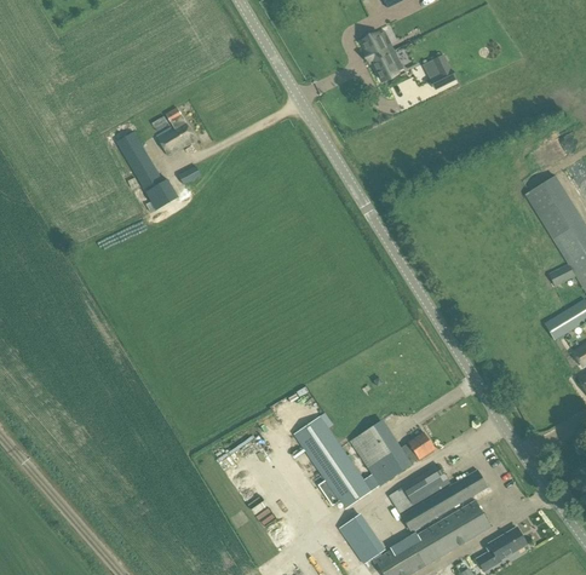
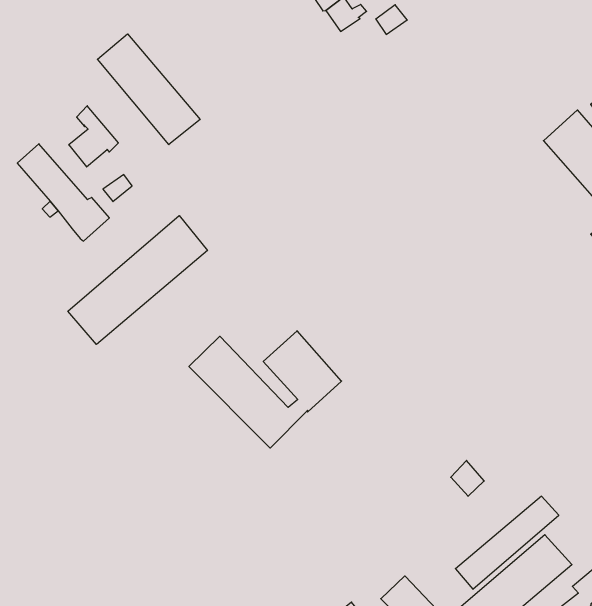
building: none -> [97,34,200,145]
building: none -> [68,216,207,344]
building: [293,414,409,507] -> [189,331,342,448]
building: [389,464,449,512] -> none

